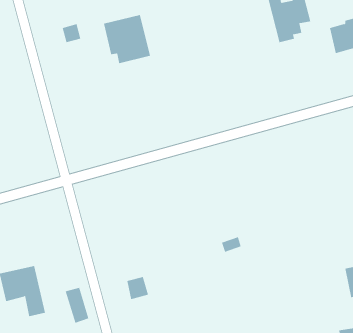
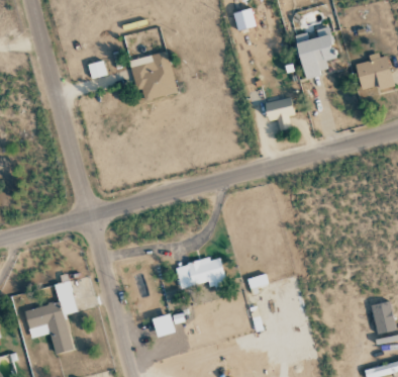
building: none -> [266,98,294,129]
building: none -> [176,256,226,289]
building: [65,287,89,324] -> [54,280,78,316]

